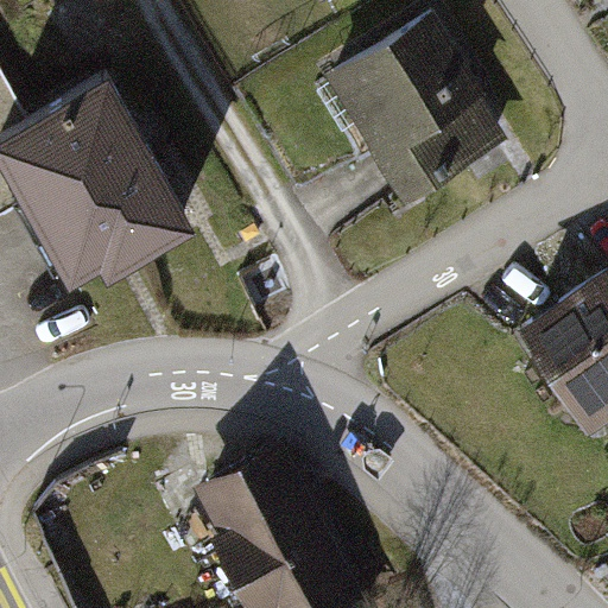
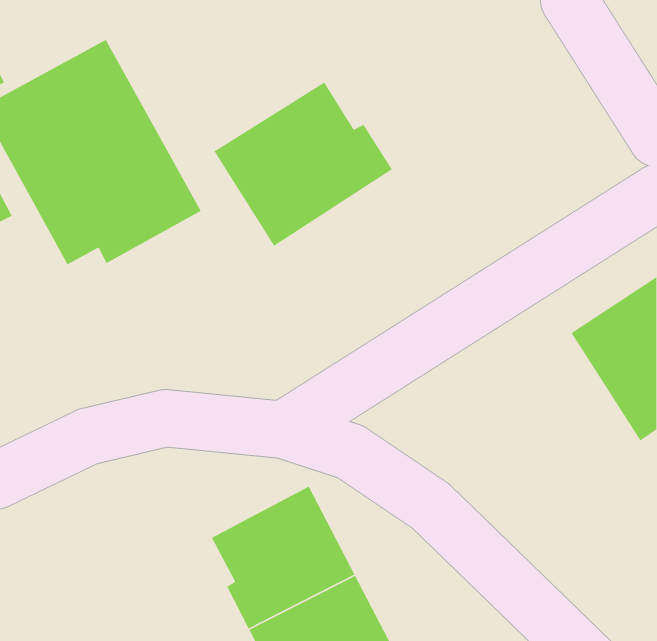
building: [328,27,509,222] -> none
building: none -> [214,82,393,247]

